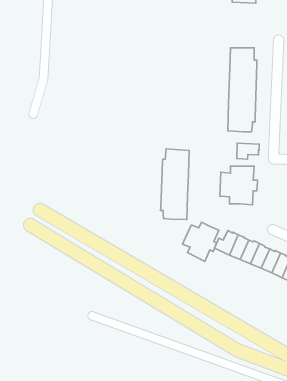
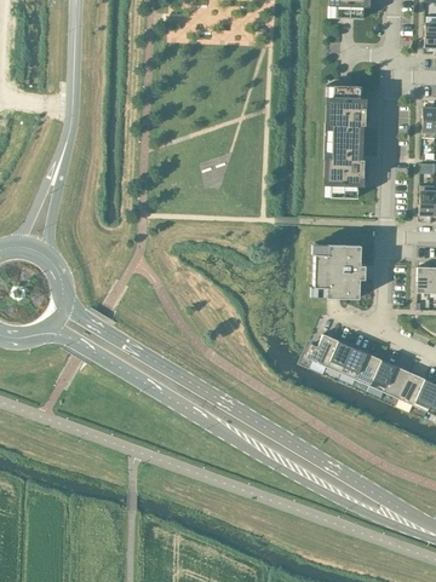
building: [237,143,259,159] -> none
building: [161,149,189,219] -> none
building: [183,222,219,261] -> none

